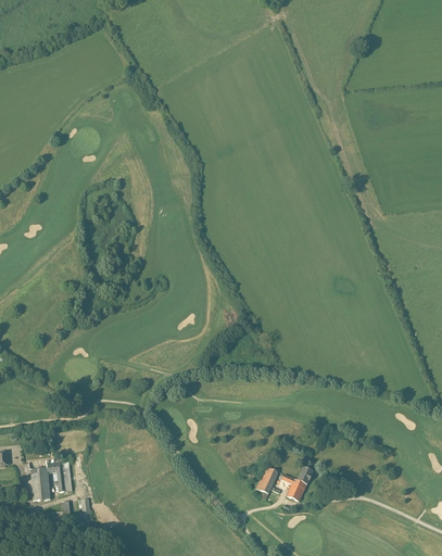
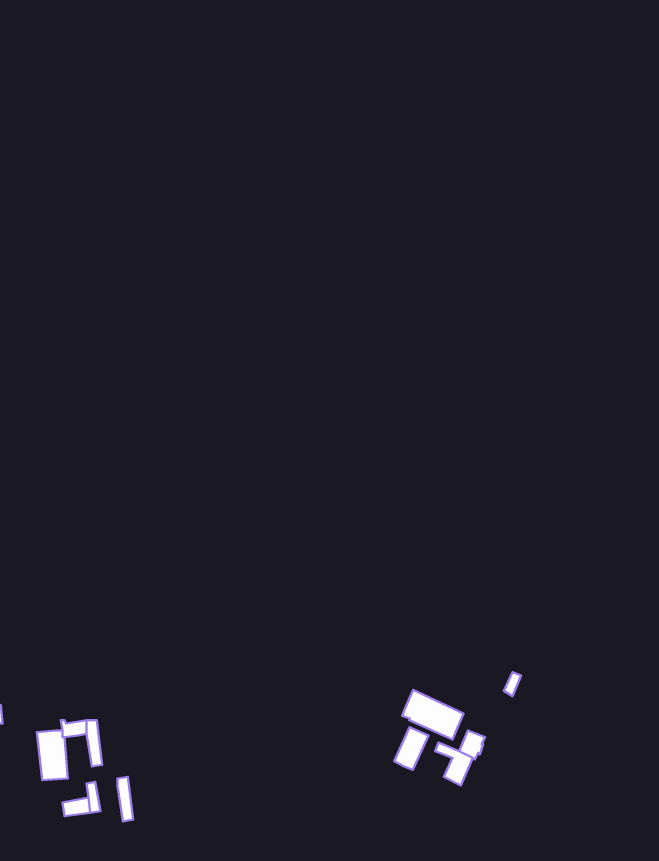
building: none -> [402,690,464,739]

